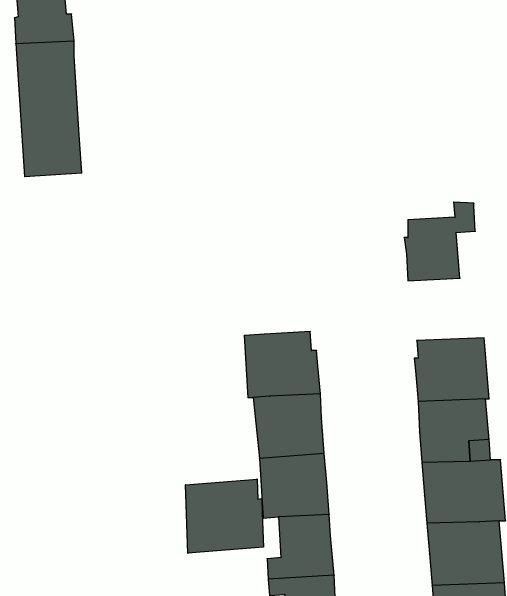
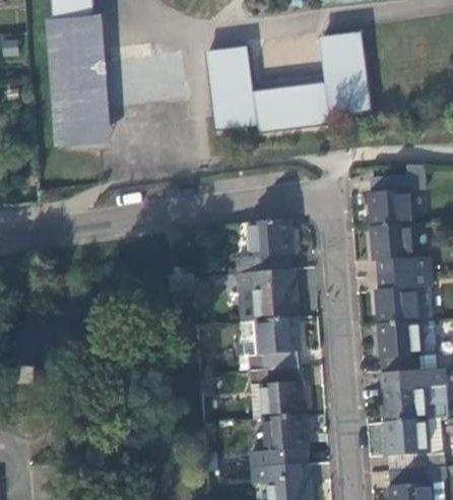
building: none -> [202,34,372,133]
building: none -> [236,218,293,270]
building: none -> [368,225,429,274]
building: [186,479,263,553] -> none

